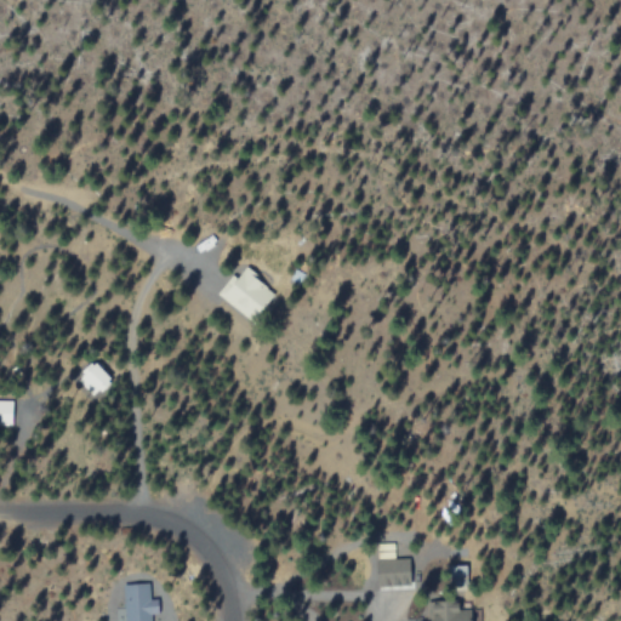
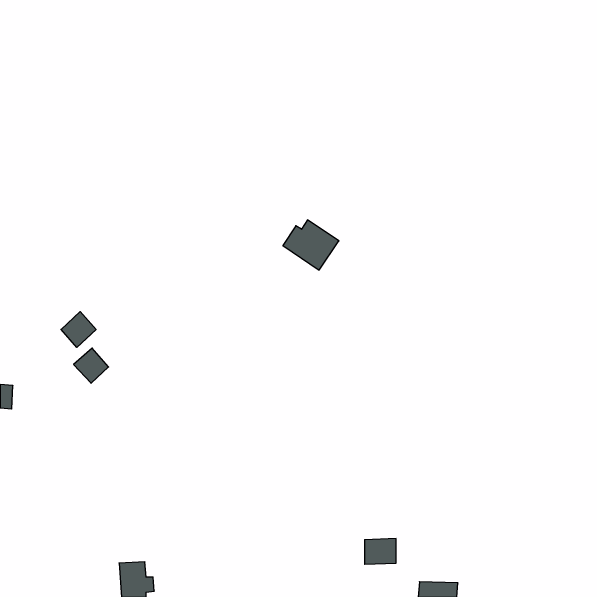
building: [218,269,277,321] -> [283,220,339,270]
building: none -> [61,312,96,347]

